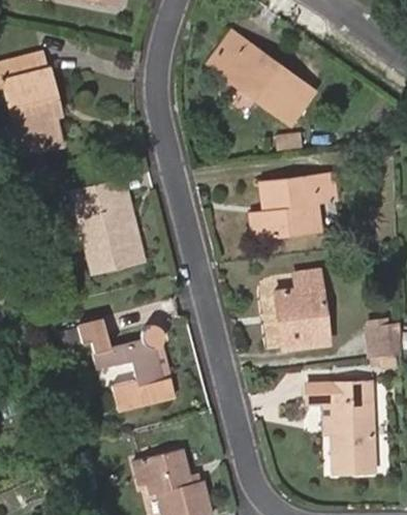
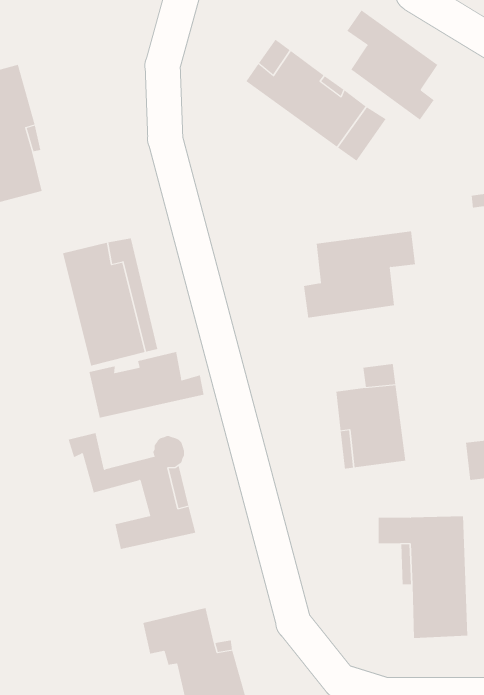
building: none -> [346,10,438,120]
building: none -> [89,351,204,419]

